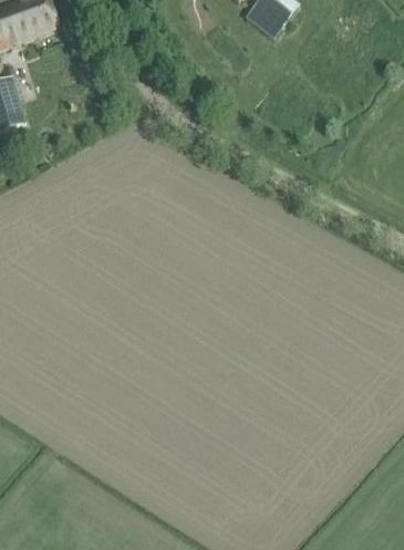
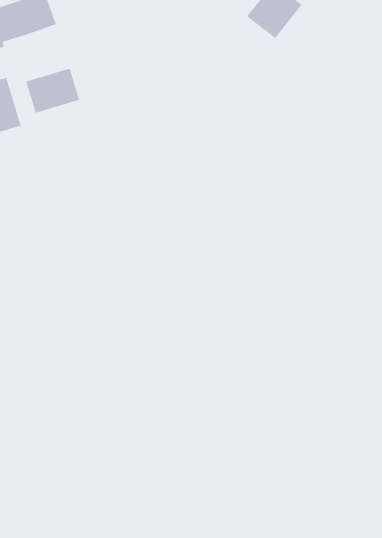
building: none -> [25,68,80,113]

